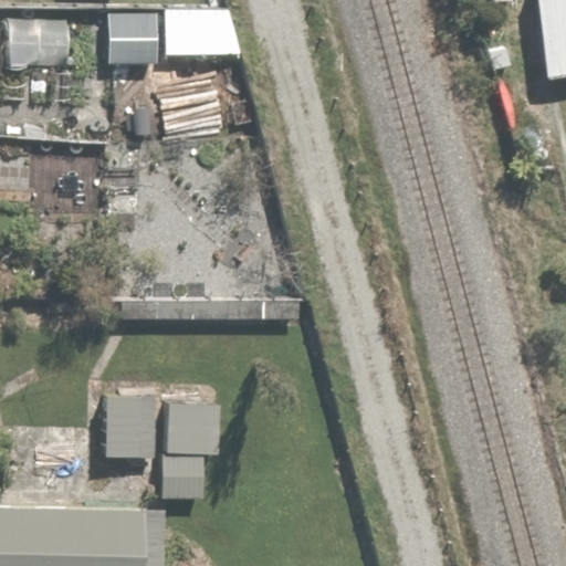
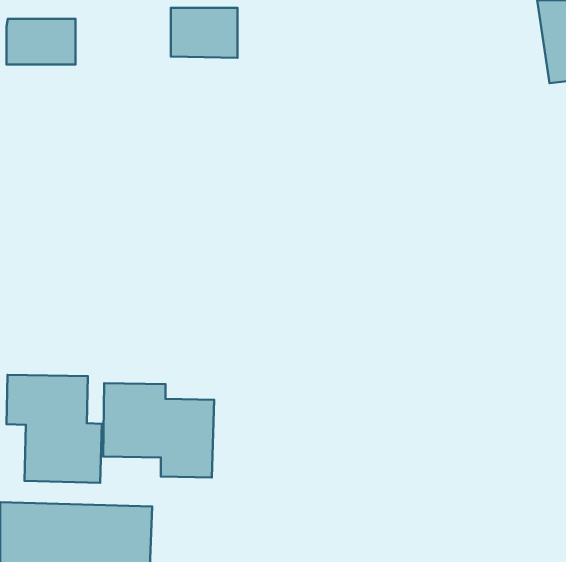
building: none -> [6,375,102,483]

